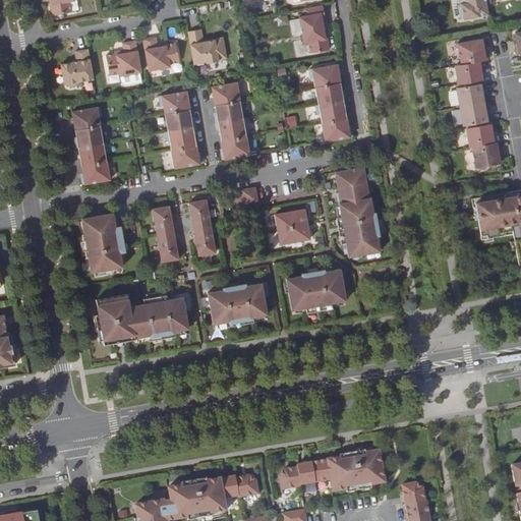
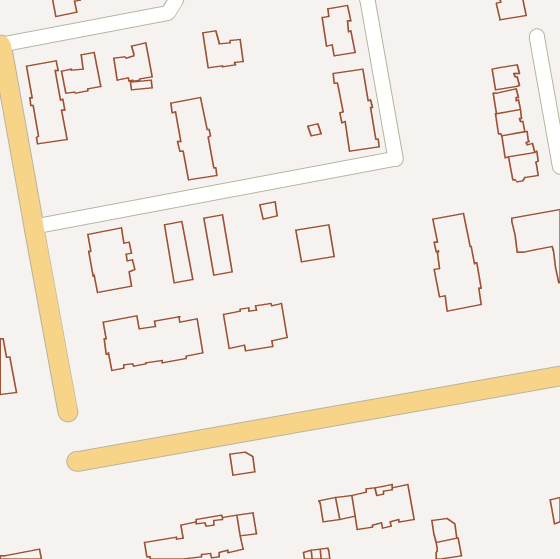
building: [142,37,179,70] -> none
building: [459,38,487,63] -> none
building: [212,80,249,159] -> none
building: [72,106,110,183] -> [27,61,67,144]
building: [335,166,380,256] -> [433,214,481,311]
building: [286,269,346,311] -> none
building: [278,467,300,489] -> none
building: [235,475,258,497] -> [230,452,255,475]

